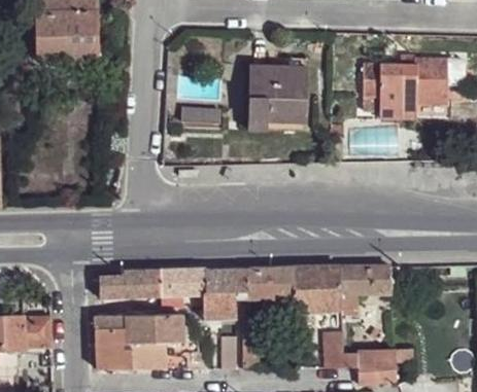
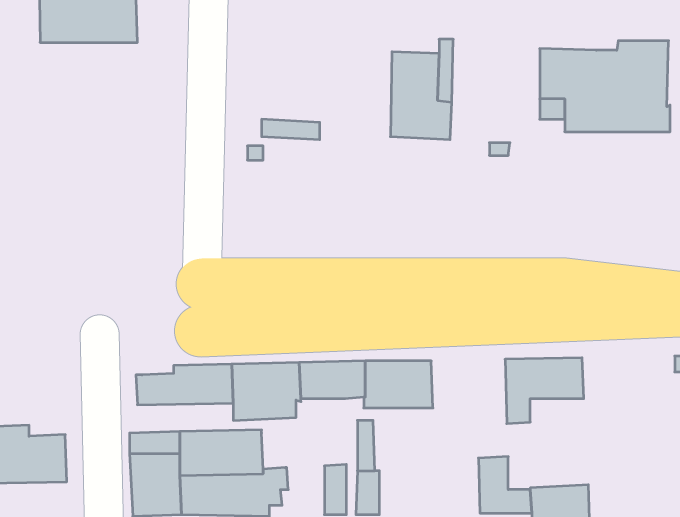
building: [248,66,305,131] -> none
building: [293,268,342,326] -> none
building: [204,293,238,320] -> none

